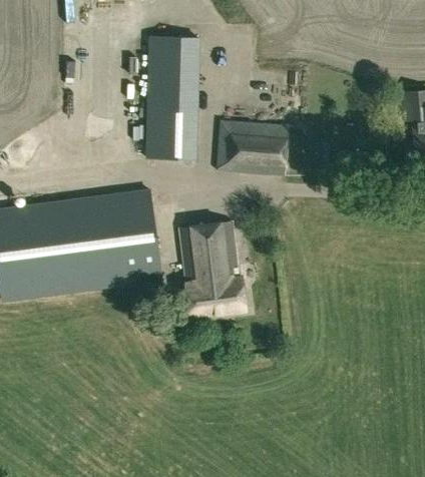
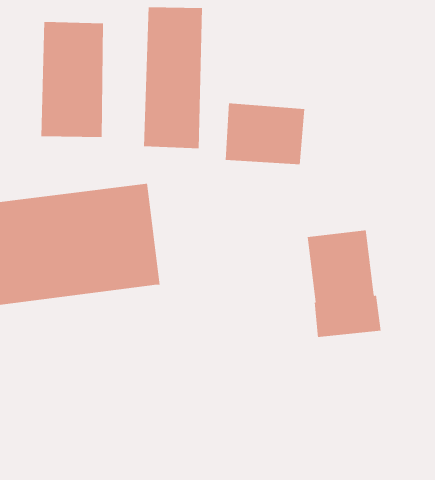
building: none -> [41,21,104,138]
building: [178,223,244,318] -> [307,230,381,338]

